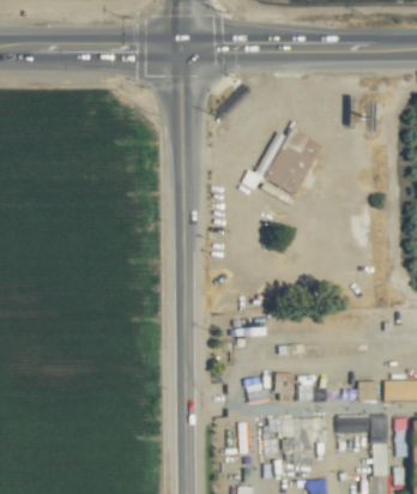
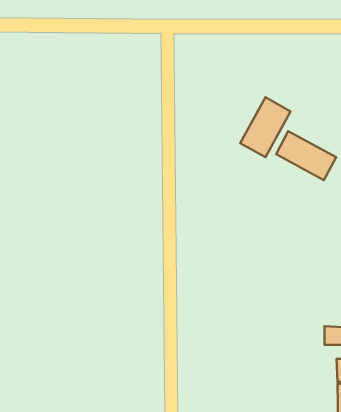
building: none -> [276,131,336,180]

